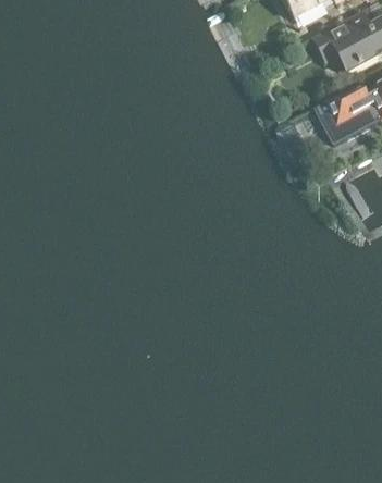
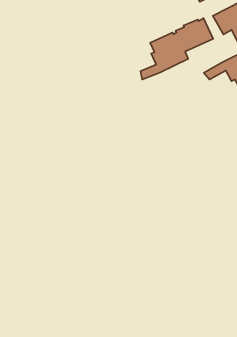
building: none -> [140,18,213,80]

